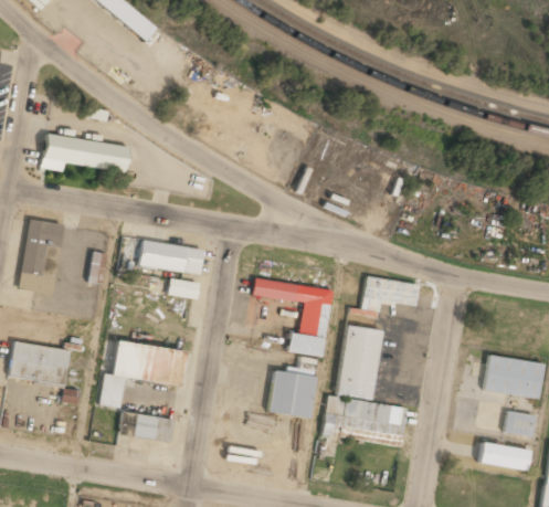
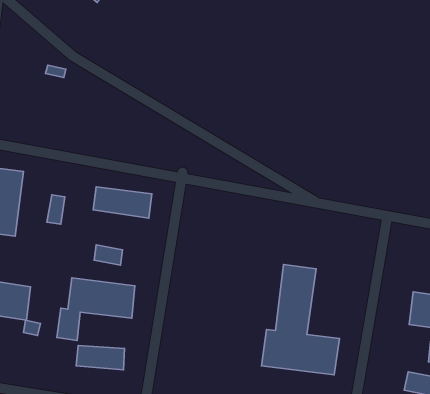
building: [43,134,128,172] -> none
building: [169,275,200,297] -> [94,245,122,265]
building: [361,275,419,311] -> none
building: [253,278,332,356] -> none
building: [268,370,315,418] -> none

